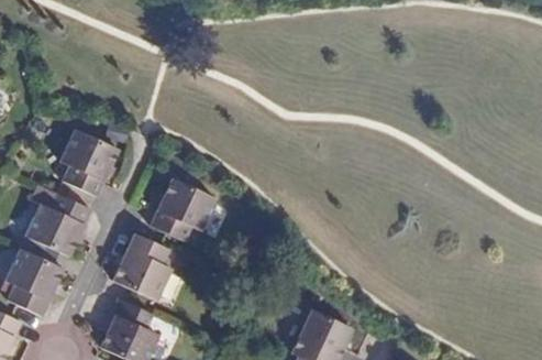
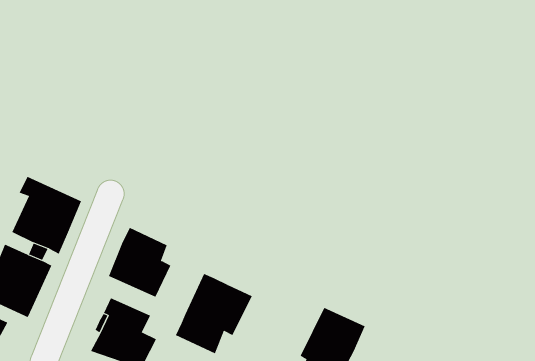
building: [62,130,118,196] -> none
building: [152,178,210,246] -> none
building: none -> [175,273,252,354]

